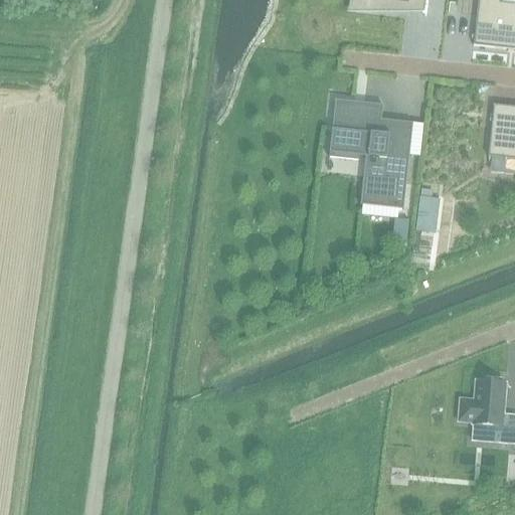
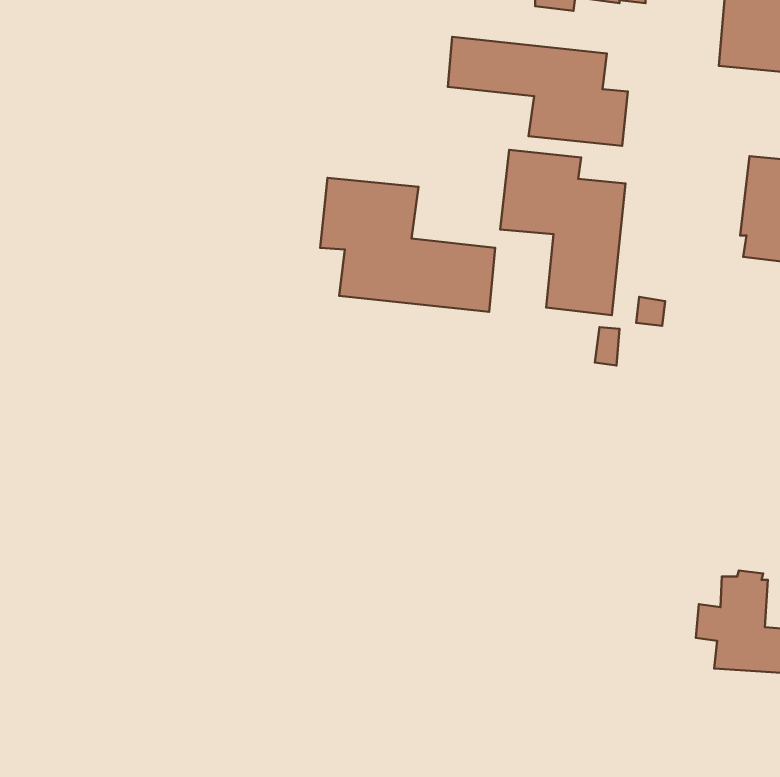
building: none -> [448,37,628,146]
building: none -> [320,178,495,312]

